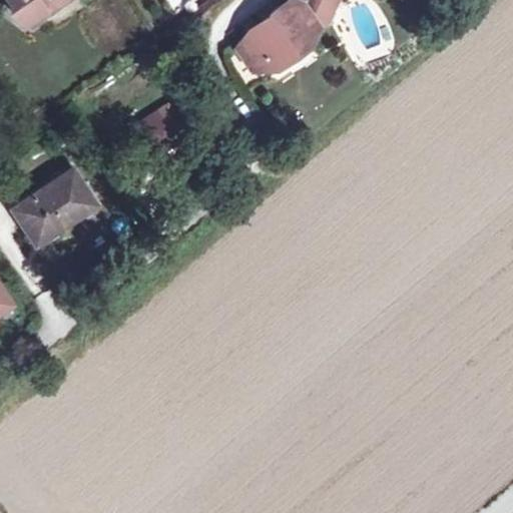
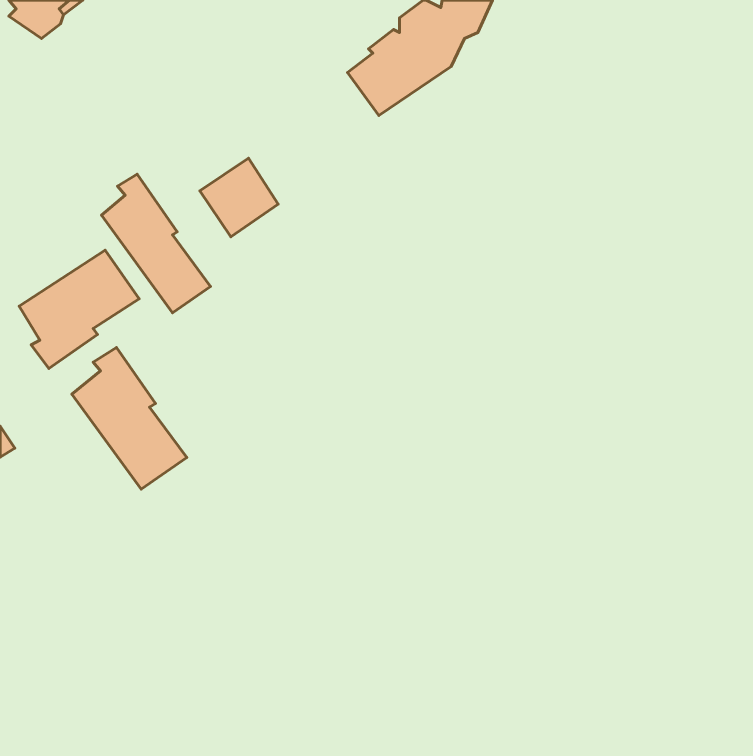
building: none -> [102,174,210,313]
building: none -> [72,347,187,489]

